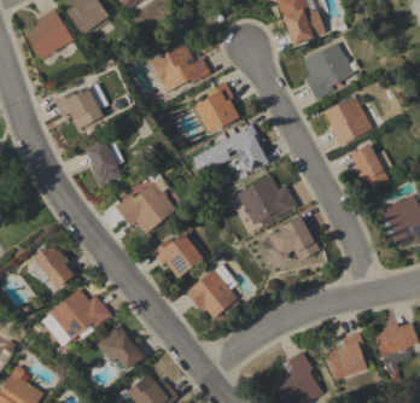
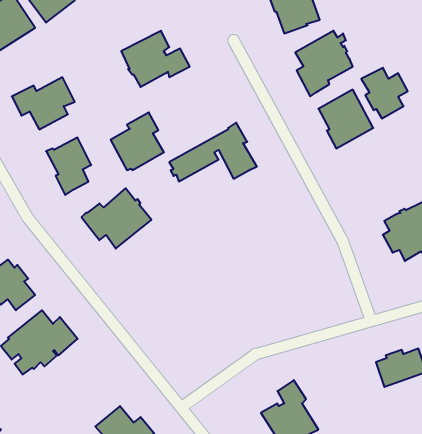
building: [192,82,239,133] -> [111,112,164,170]
building: [350,145,391,189] -> [361,68,408,118]
building: [235,175,297,224] -> none
building: [267,216,320,263] -> none
building: [151,232,203,278] -> none
building: [185,263,238,319] -> none
building: [95,325,145,369] -> none
building: [327,332,367,379] -> none

